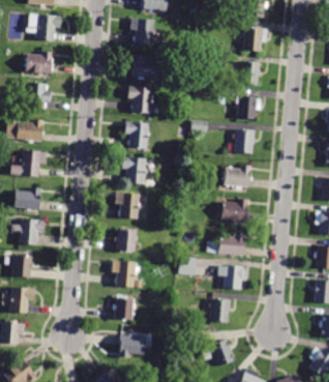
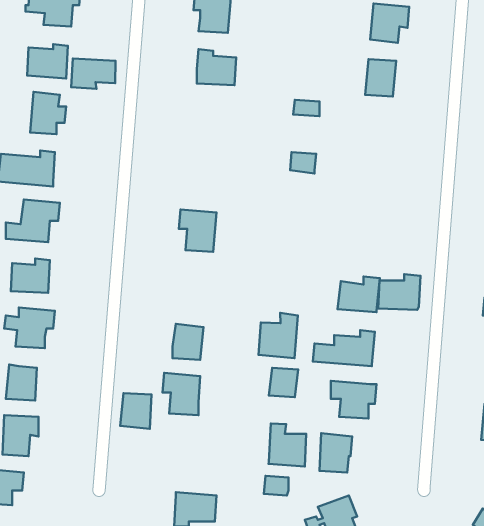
building: none -> [71,58,116,89]
building: [130,86,153,113] -> none
building: [237,95,263,120] -> none
building: [127,121,150,148] -> none
building: [236,129,256,153] -> none
building: [226,165,252,187] -> [378,274,421,310]
building: [117,193,142,218] -> none
building: none -> [259,313,298,358]
building: none -> [268,423,306,467]
building: [115,298,134,321] -> [120,393,151,429]

